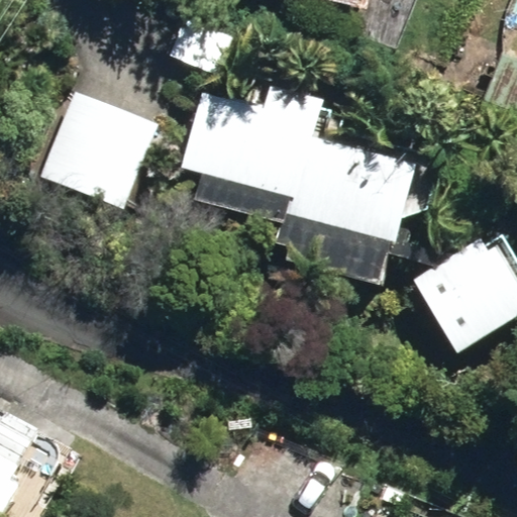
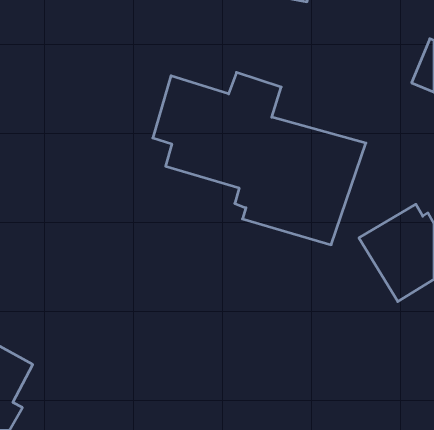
building: [37,90,153,203] -> none

